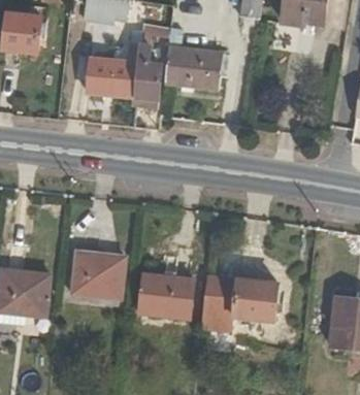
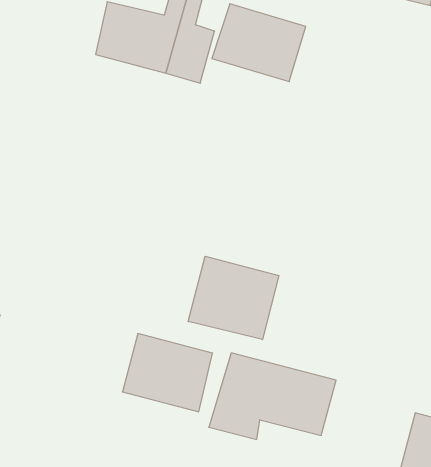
building: none -> [188,256,279,340]
building: [70,251,126,299] -> none

